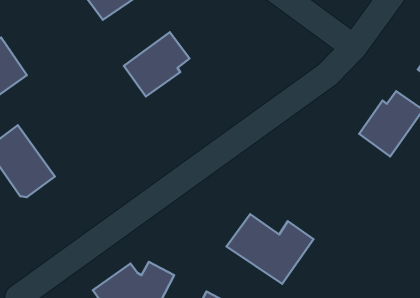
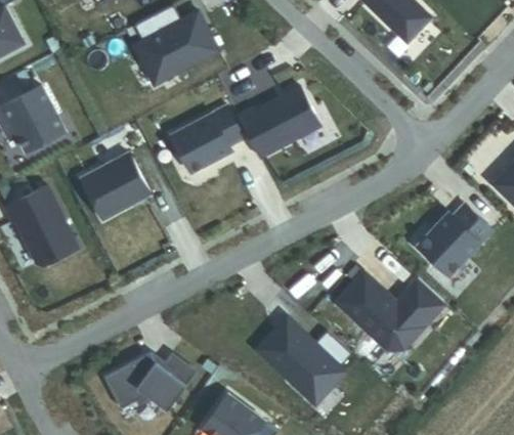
building: none -> [235,86,319,158]
building: none -> [81,155,149,219]
building: none -> [335,268,444,349]

